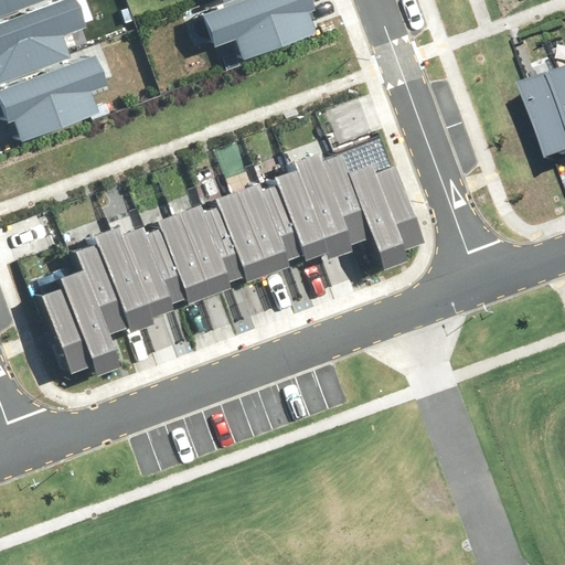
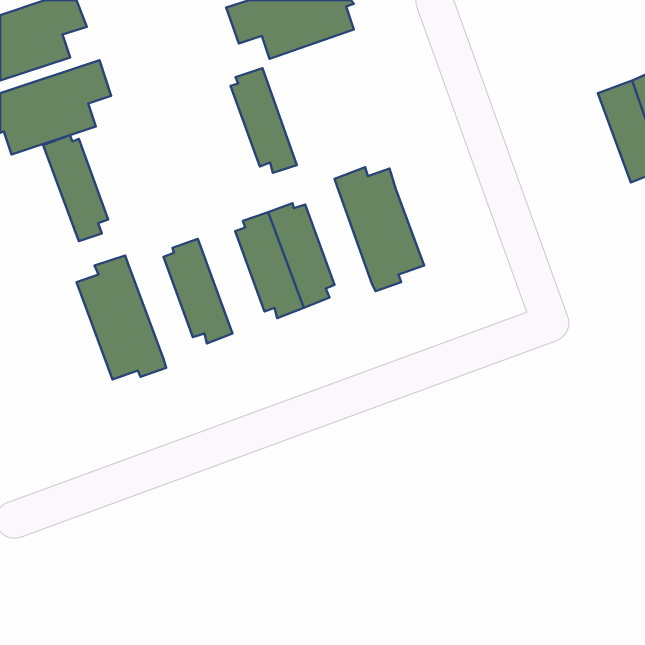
building: [349,161,426,269] -> none
building: [270,168,328,258] -> [231,68,297,173]
building: [178,205,235,295] -> none
building: [117,225,173,317] -> [43,135,108,241]
building: [40,268,115,375] -> none

